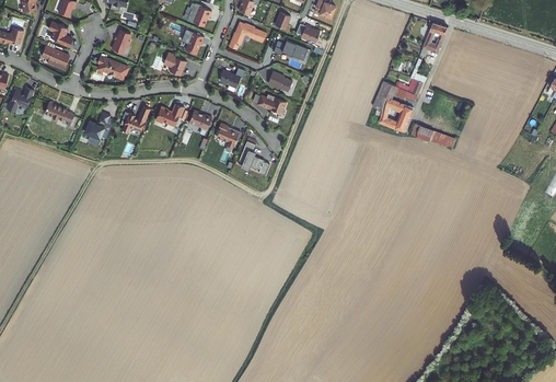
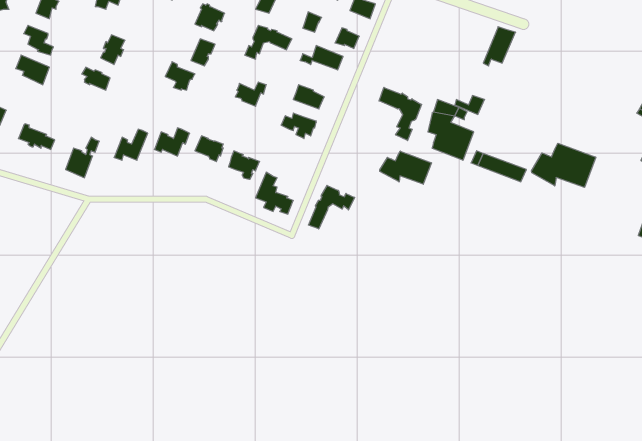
building: none -> [379,87,422,141]
building: none -> [532,143,596,187]
building: none -> [380,151,431,184]
building: none -> [308,185,355,229]

